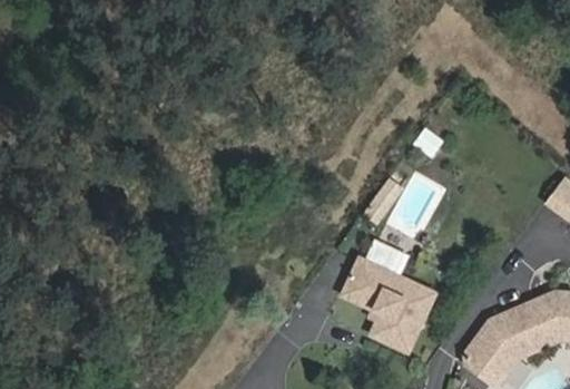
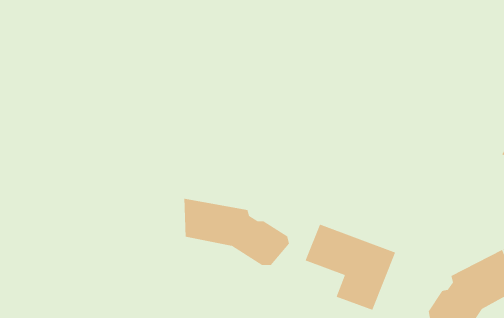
building: none -> [183,198,290,266]

